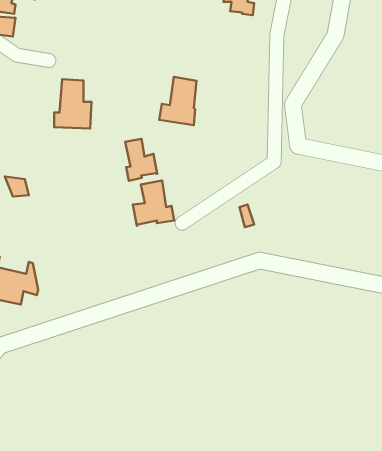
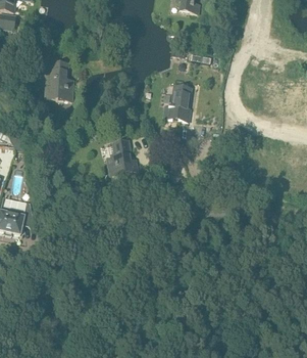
building: [159,77,197,125] -> [161,85,190,122]
building: [125,139,157,181] -> none

